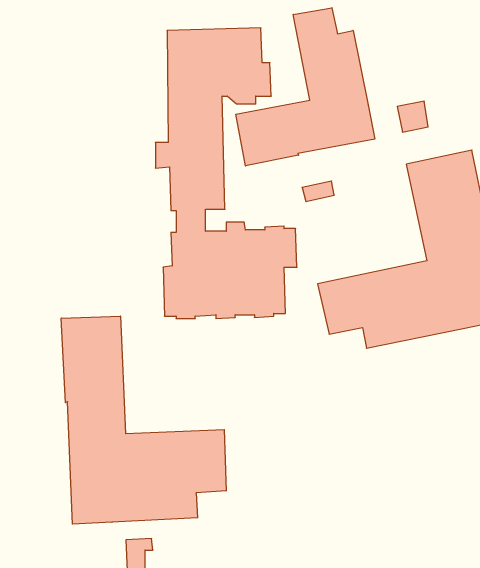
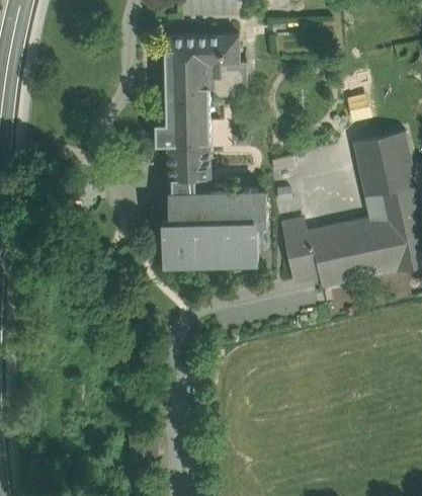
building: [236,8,375,166] -> none
building: [61,316,226,524] -> none

